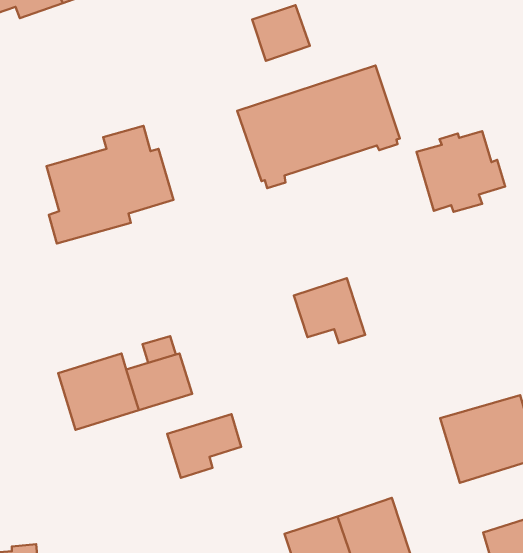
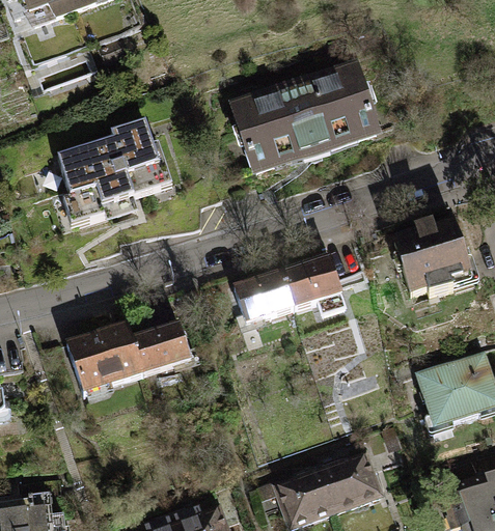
building: [252,5,310,61] -> none
building: [416,131,505,212] -> [394,220,474,292]
building: none -> [235,270,294,323]
building: [167,414,241,478] -> none

